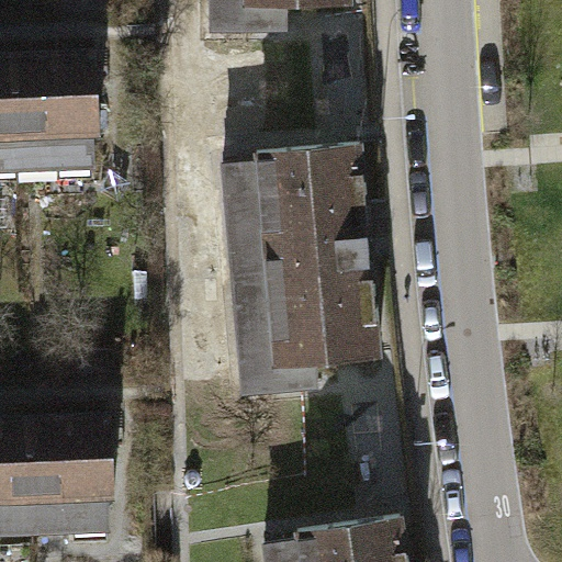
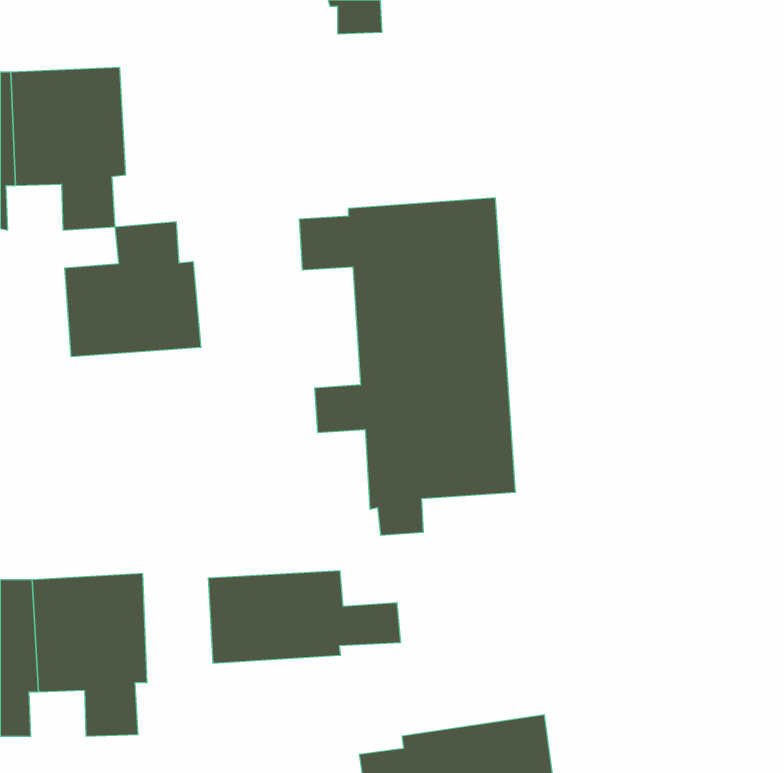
building: none -> [65,222,201,357]
building: none -> [208,571,400,663]

